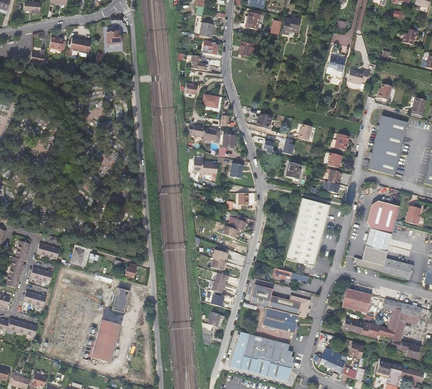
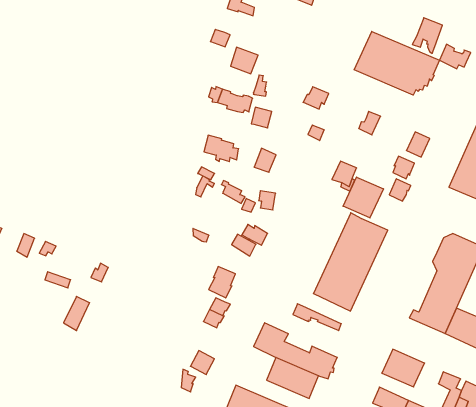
building: none -> [354,31,440,95]
building: none -> [343,177,383,218]
building: [91,320,119,362] -> none

